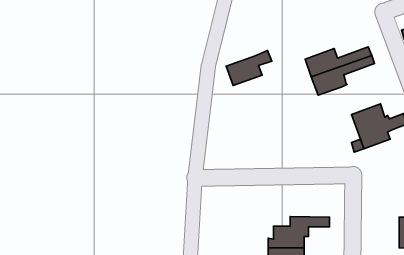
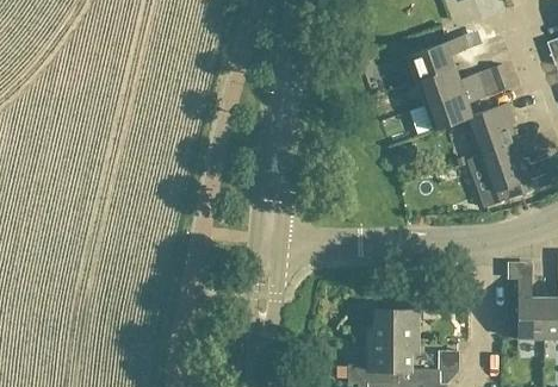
building: [226,50,272,86] -> [408,35,470,82]
building: none -> [466,102,520,157]
building: none -> [519,279,545,338]

